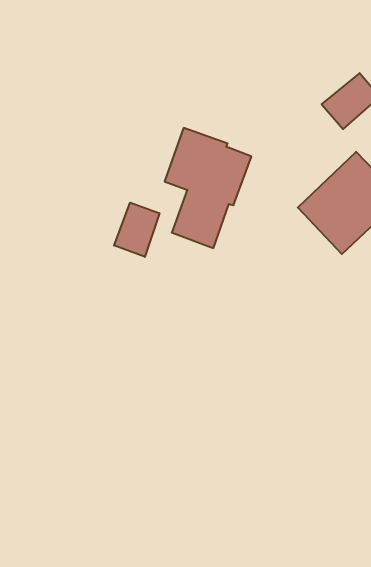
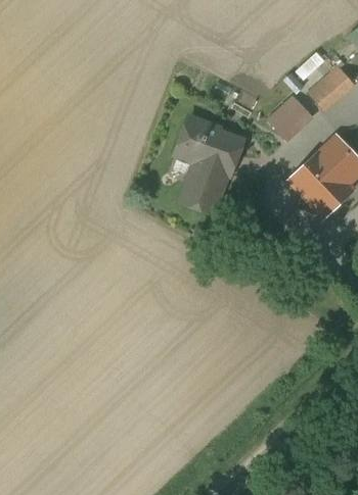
building: none -> [267,95,314,142]
building: [114,203,159,257] -> none

